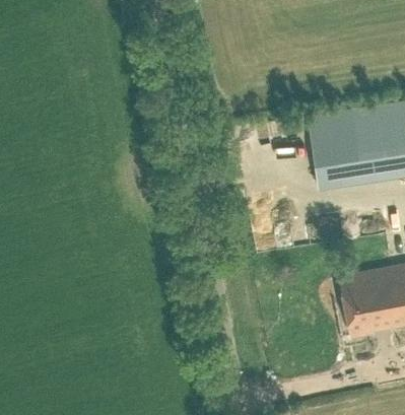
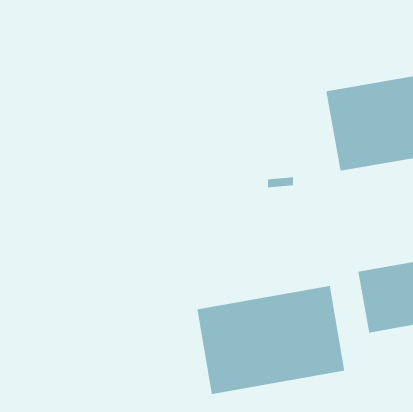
building: none -> [197,285,345,395]

